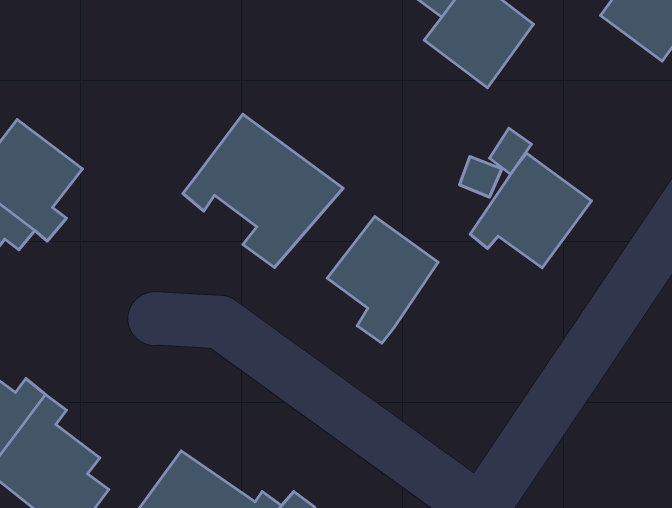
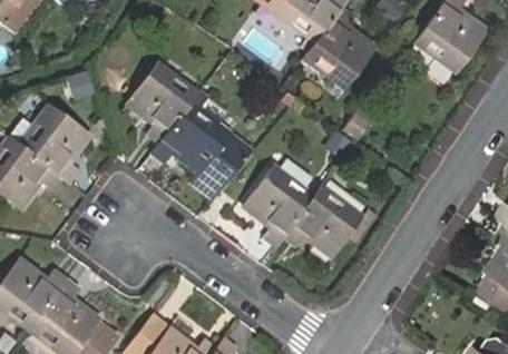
building: none -> [127,62,198,142]
building: [470,153,592,268] -> [286,186,363,258]

